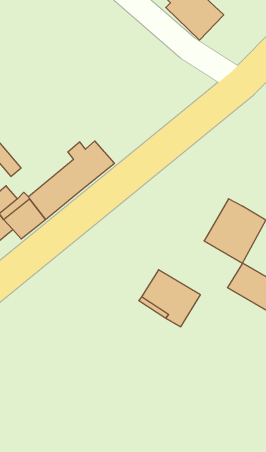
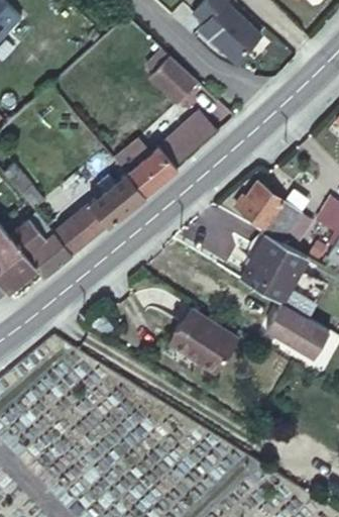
building: none -> [146,56,194,102]
building: none -> [110,114,216,196]
building: none -> [234,182,301,242]

